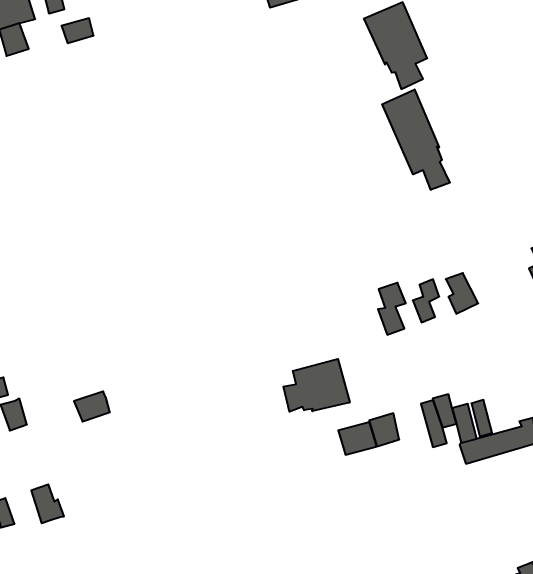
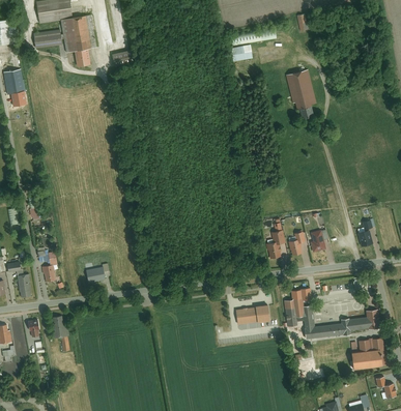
building: [382,89,450,190] -> none
building: [283,359,350,412] -> none

